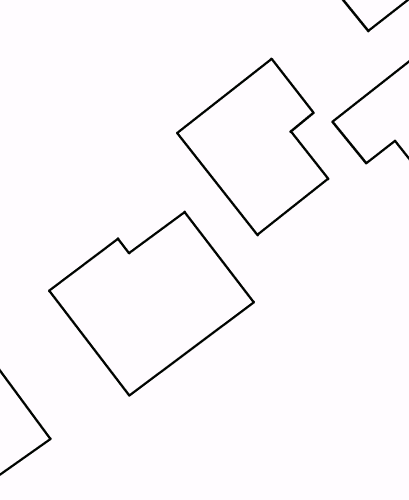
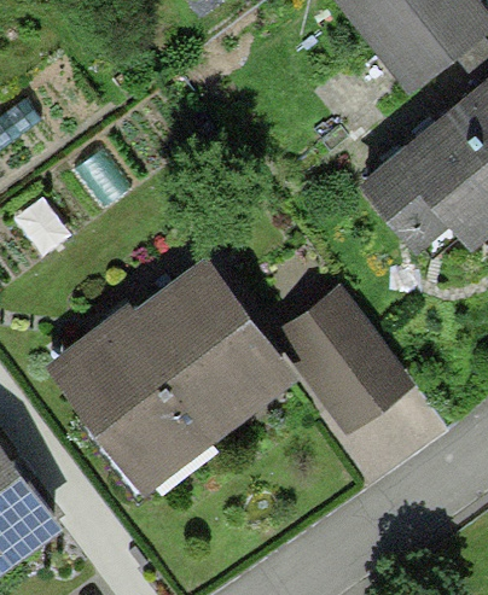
building: [177,59,328,235] -> none
building: none -> [285,293,403,415]

